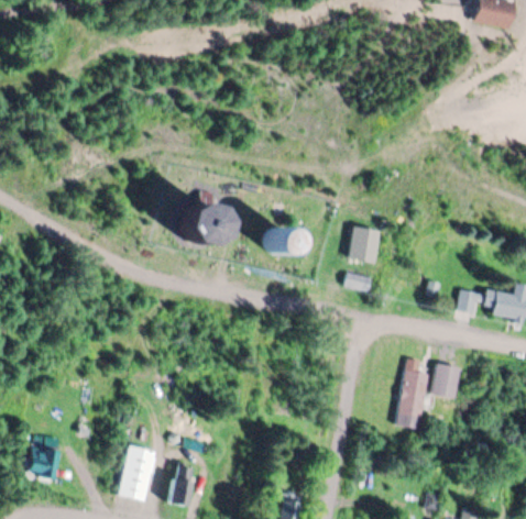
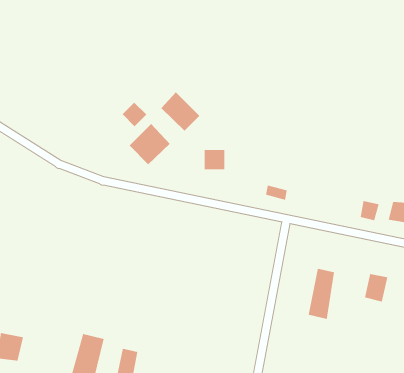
building: none -> [160,92,200,132]
building: none -> [122,102,147,127]
building: [348,225,381,262] -> none
building: [431,364,460,398] -> [364,273,388,302]

